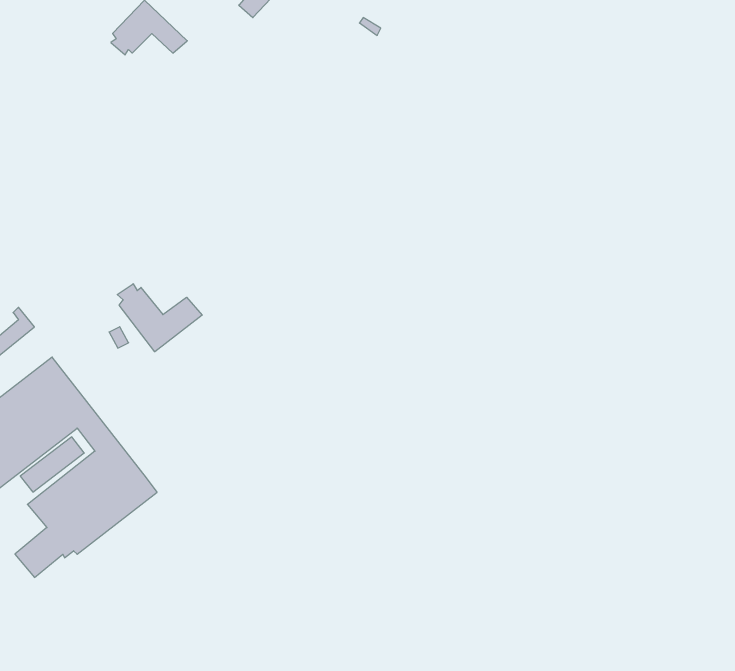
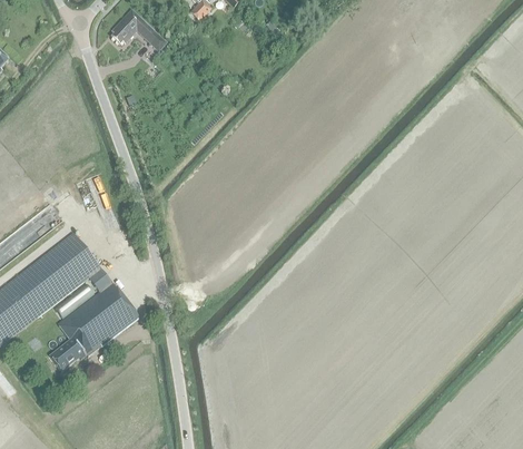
building: [117,284,202,352] -> none

